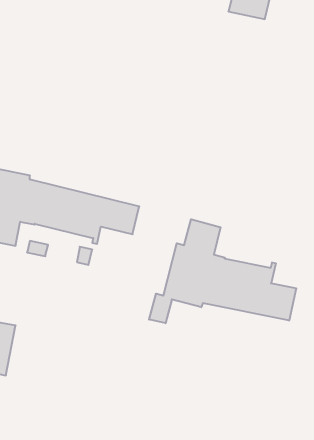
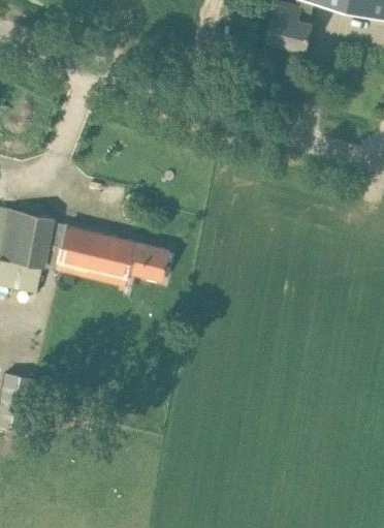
building: [149,219,296,323] -> none

